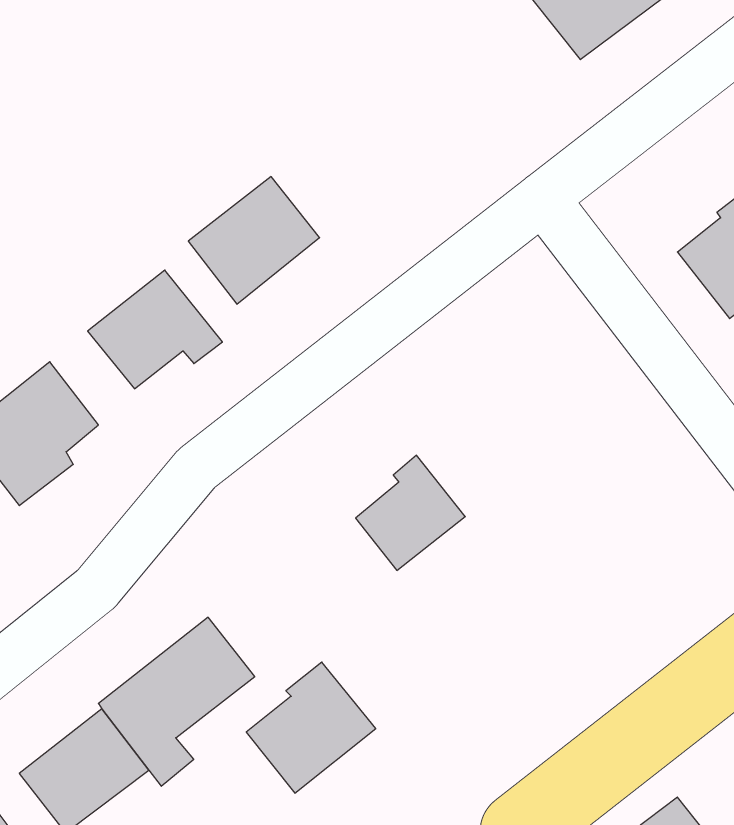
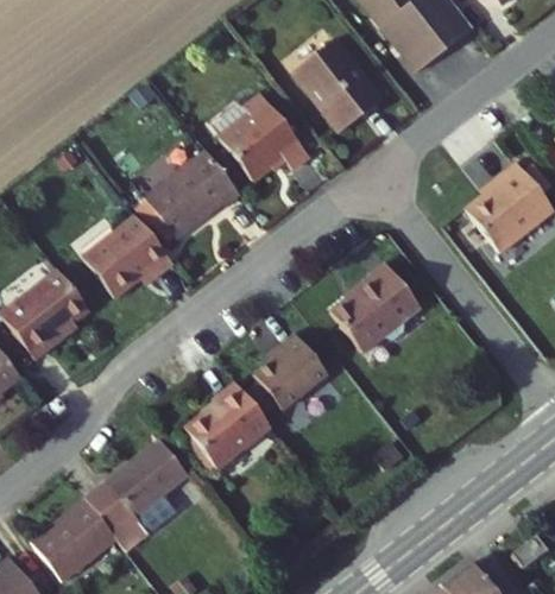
building: none -> [294,42,386,140]
building: none -> [216,93,307,176]
building: none -> [336,261,425,356]
building: [246,662,376,793] -> [188,384,273,470]

